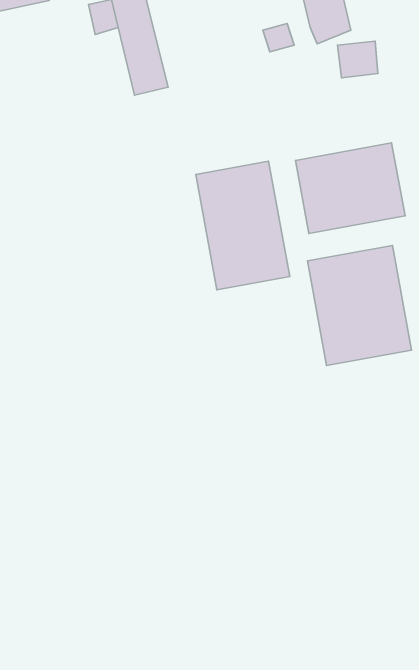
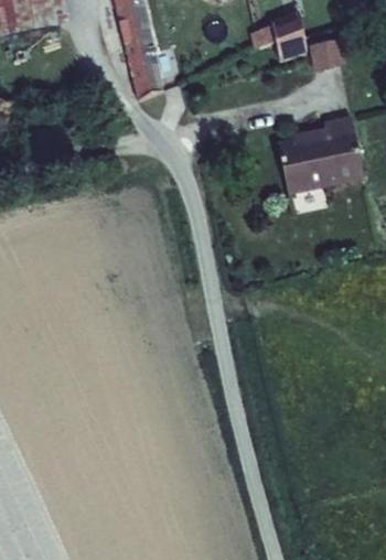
building: [196,161,290,290] -> none
building: [307,246,412,365] -> none

